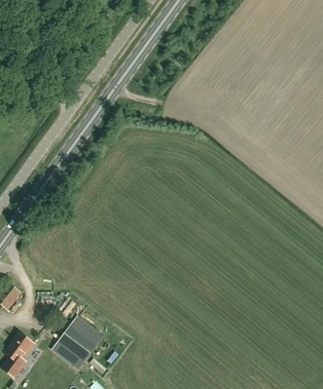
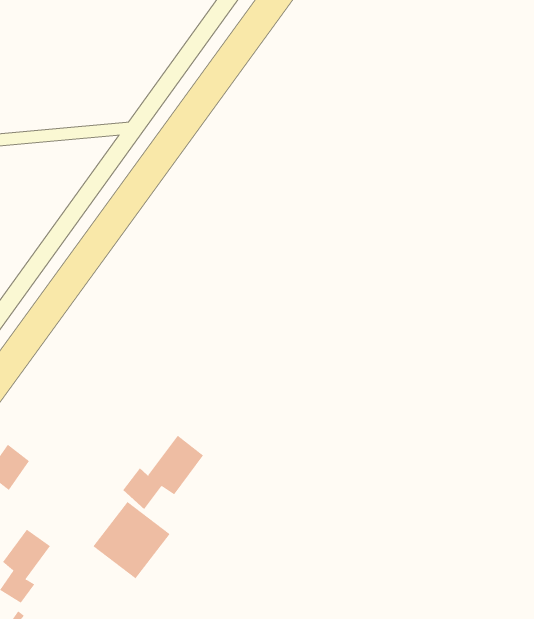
building: none -> [122,435,204,510]

